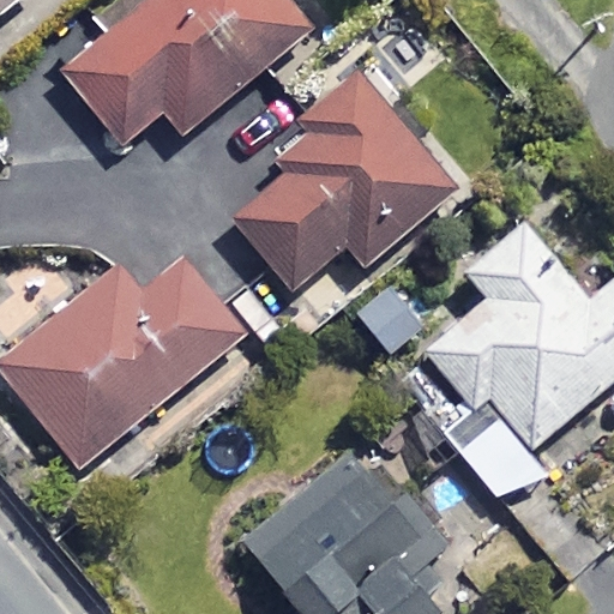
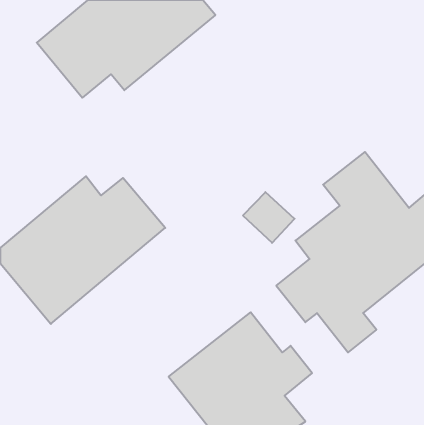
building: [225,74,458,289] -> none

